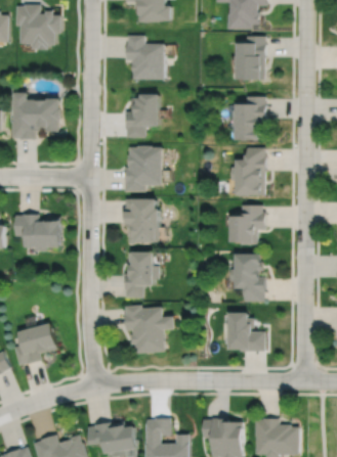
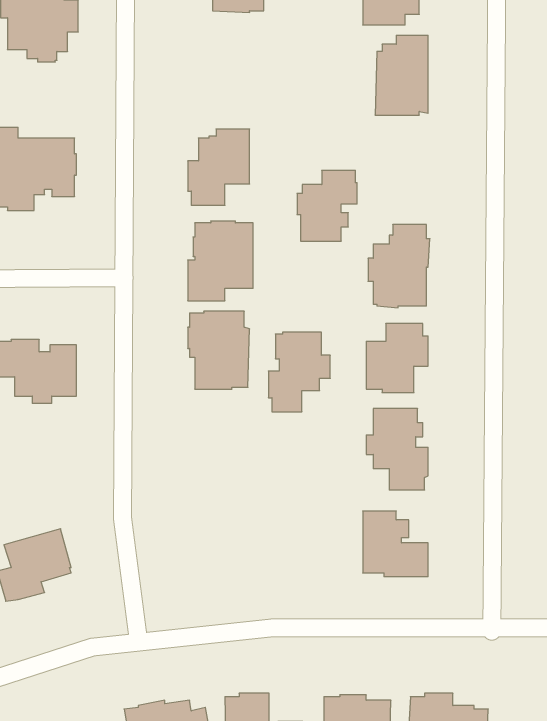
building: [127,37,163,78] -> none
building: [230,99,265,140] -> [297,170,357,241]
building: [125,252,161,298] -> [268,332,330,412]
building: [125,305,176,354] -> none

